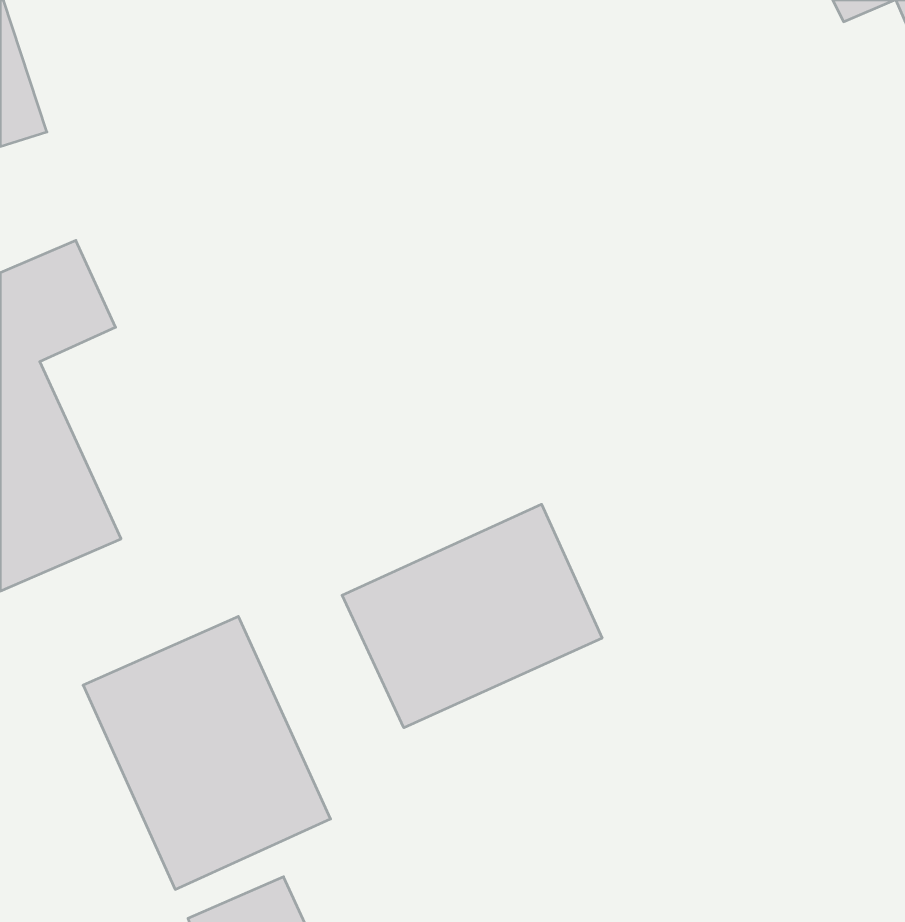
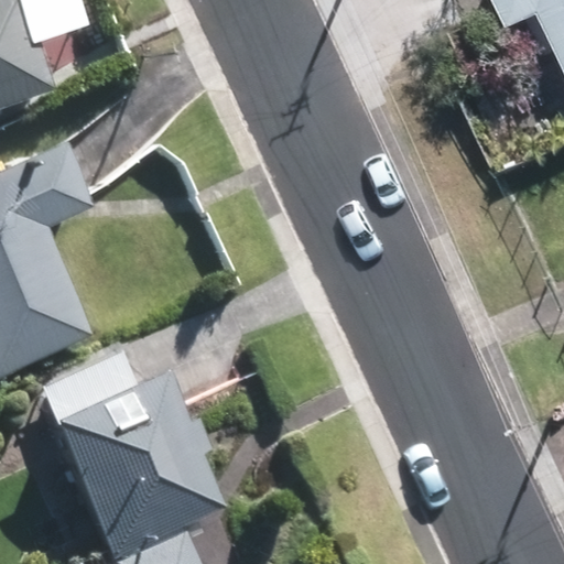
building: [342,504,602,728] -> none

